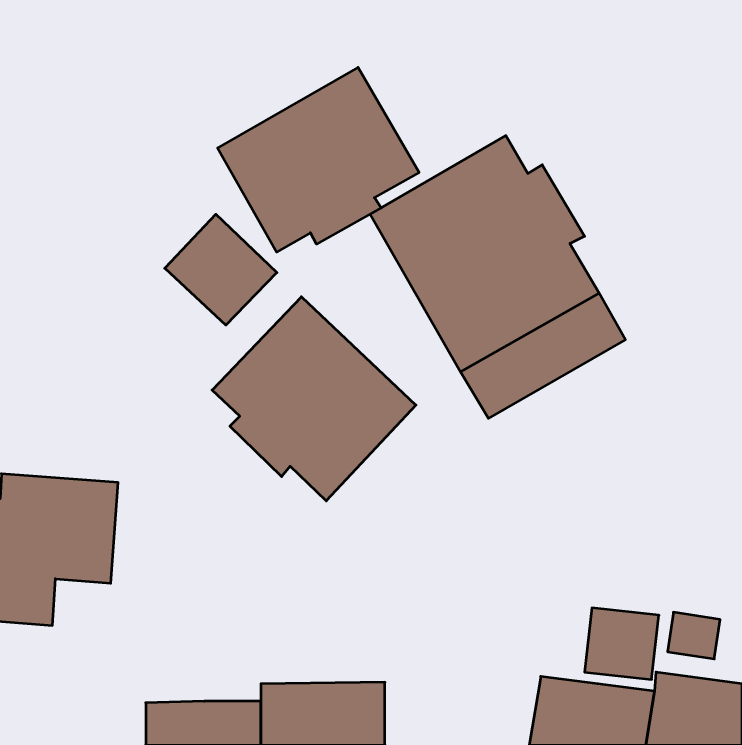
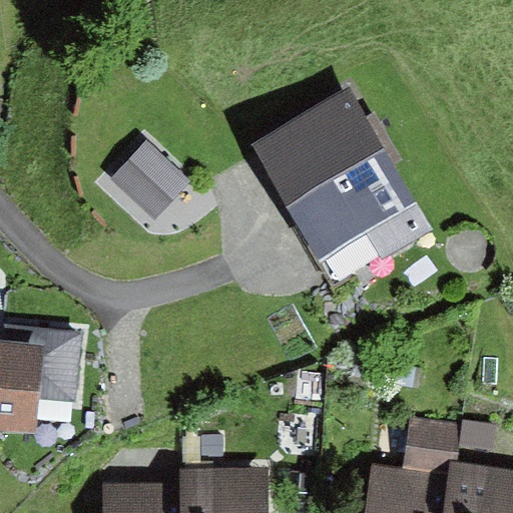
building: [218,67,419,252] -> none
building: [212,297,416,501] -> none

